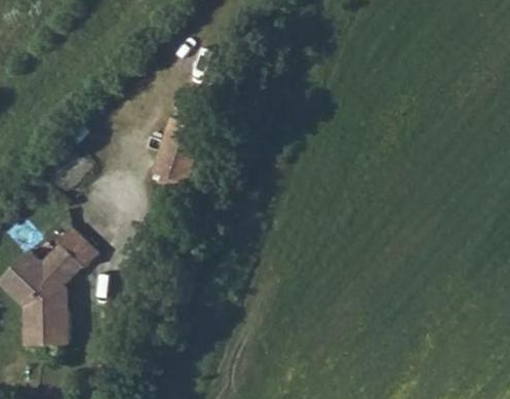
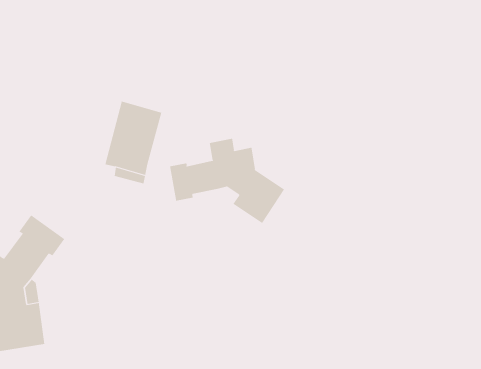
building: none -> [169,138,285,224]

